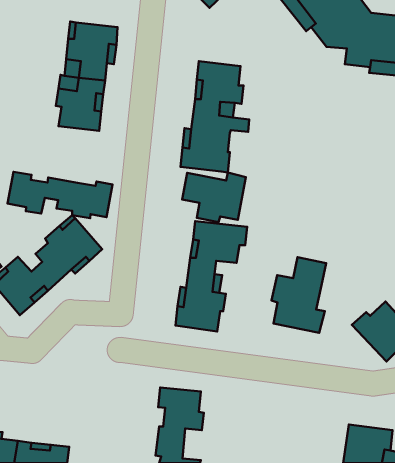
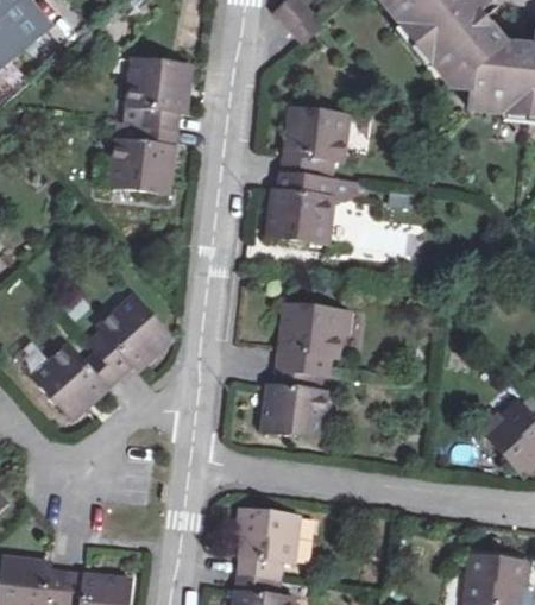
building: [8,172,112,218] -> none
building: [182,173,246,222] -> none
building: [272,257,326,333] -> none

